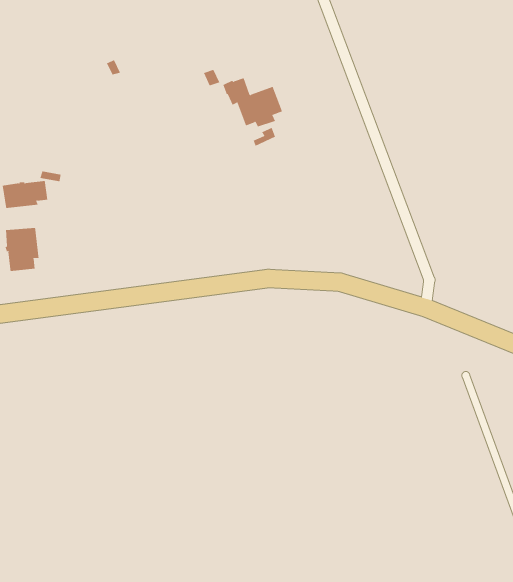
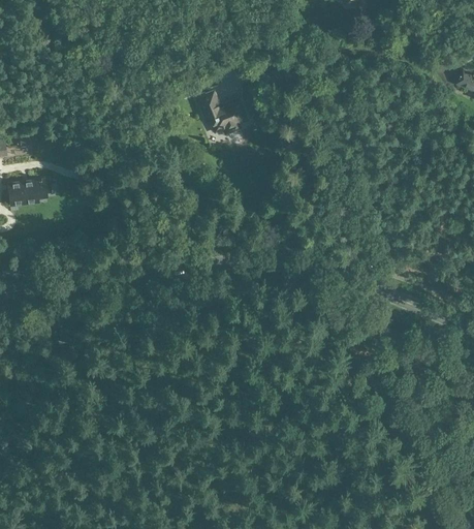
building: [5,227,39,272] -> none

